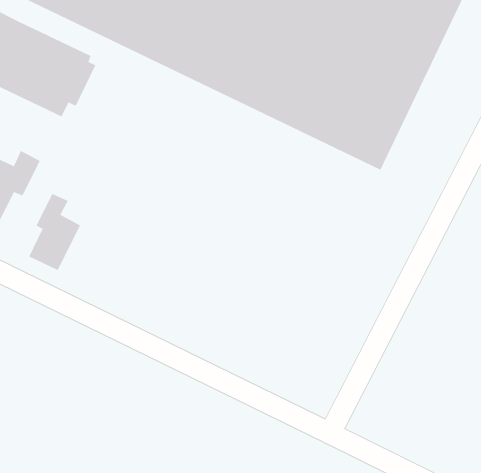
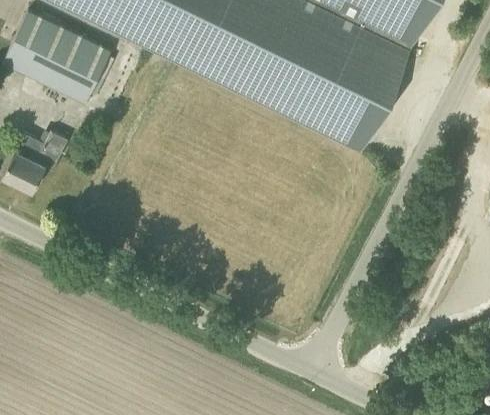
building: [29,193,81,271] -> none

